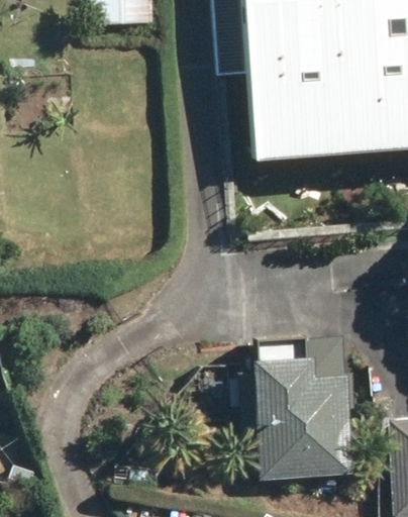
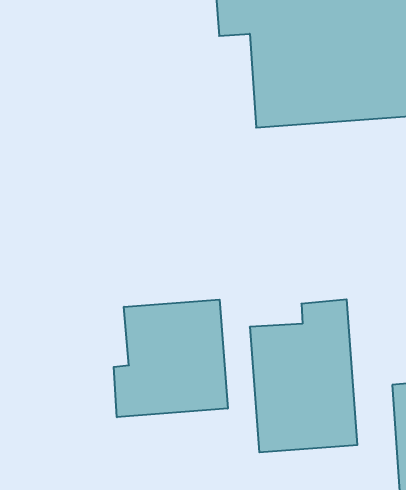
building: none -> [114,300,228,417]

